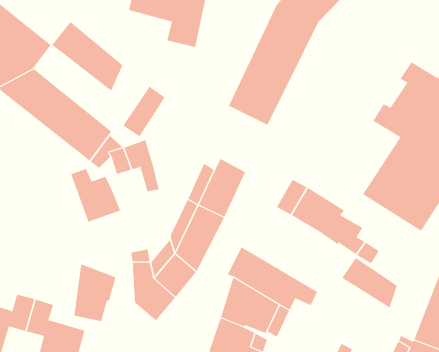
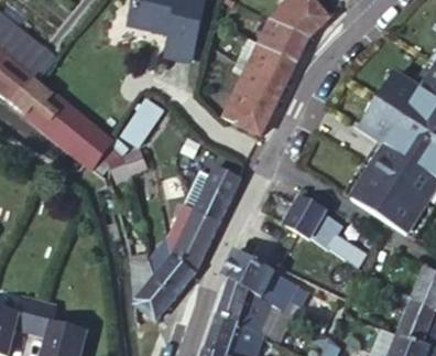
building: [51,21,123,91] -> none
building: [70,168,121,223] -> none
building: [342,257,397,309] -> none
building: [74,263,116,323] -> none

